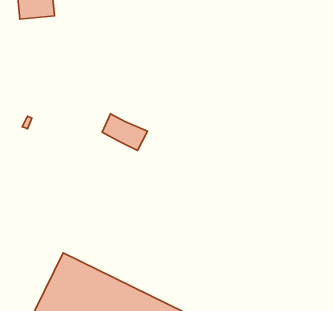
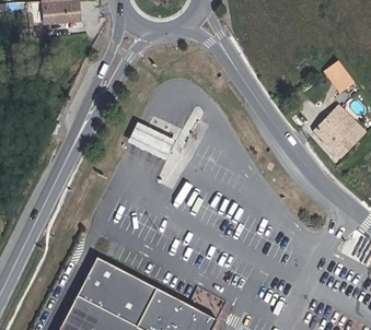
building: none -> [326,60,355,92]
building: none -> [315,106,357,156]

